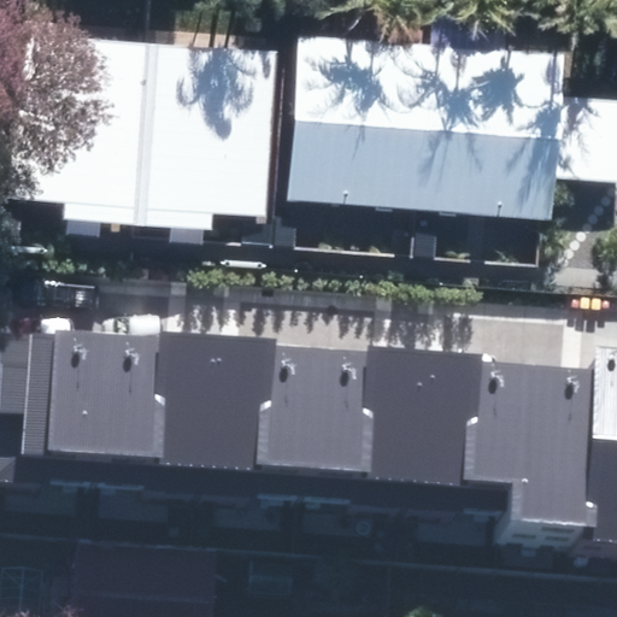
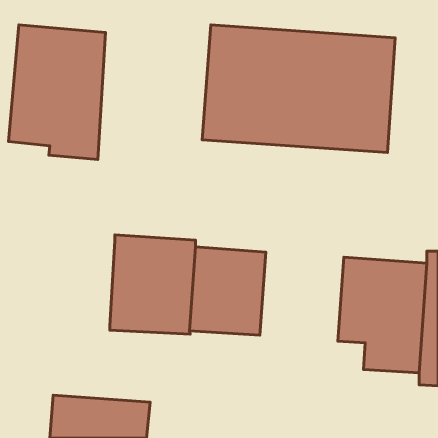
building: [137,46,275,229] -> none
building: [49,331,161,458] -> none
building: [365,348,483,487] -> none

